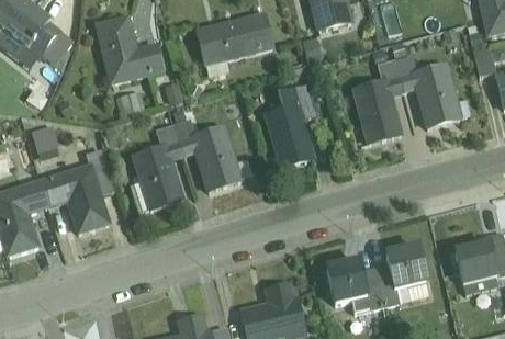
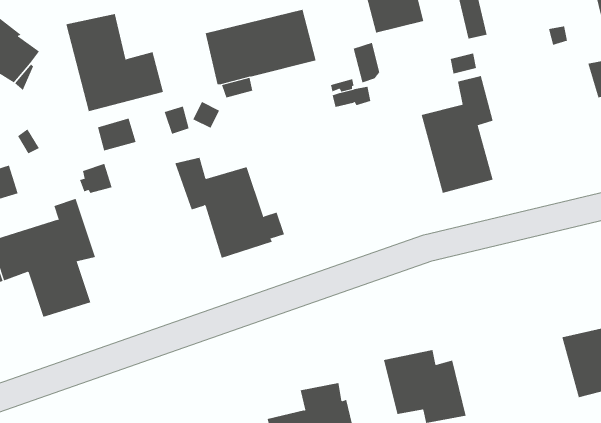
building: [395,55,471,128] -> none
building: [263,83,317,170] -> none
building: [130,123,186,212] -> none
building: [374,244,429,306] -> none

